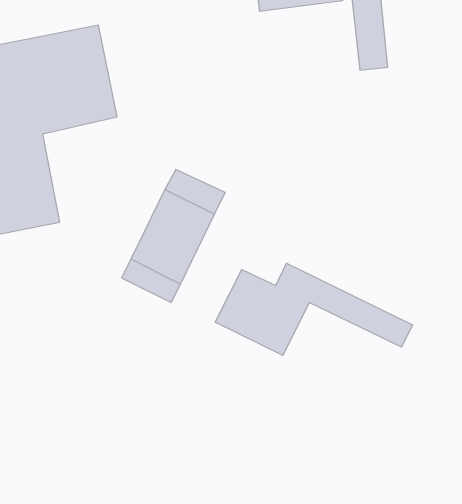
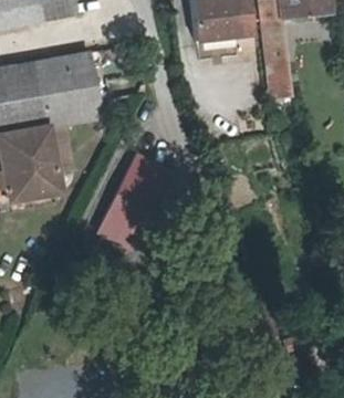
building: [215,263,413,356] -> none

